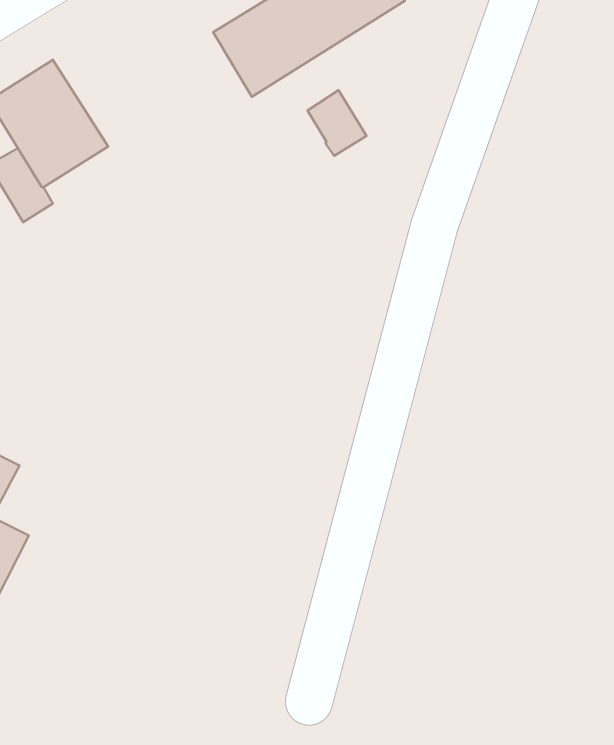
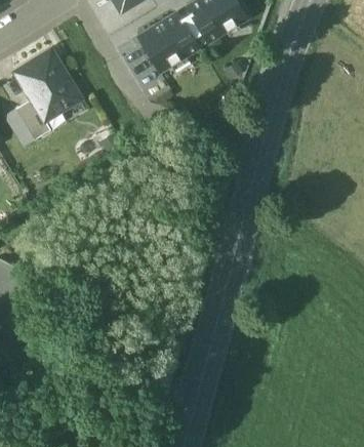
building: [307,90,367,156] -> none

